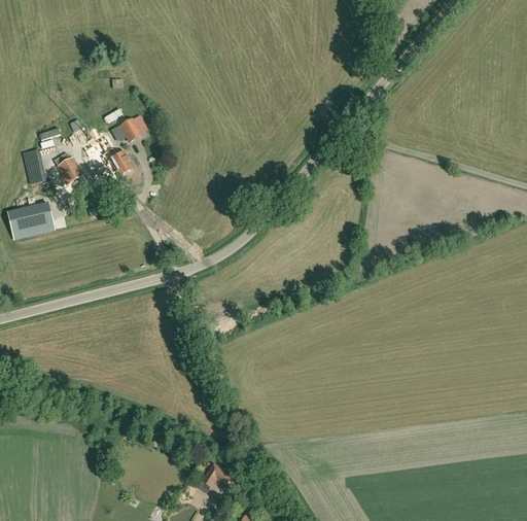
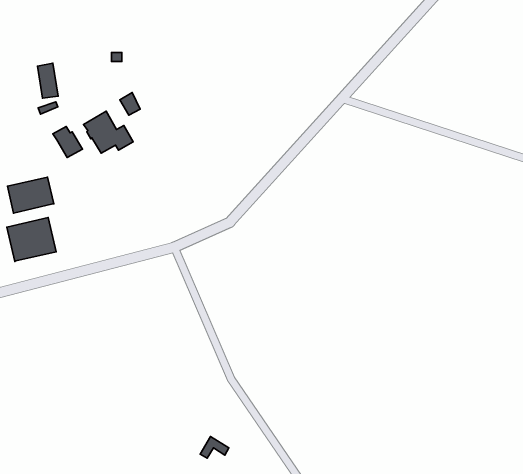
building: [25,148,45,183] -> [37,63,58,98]
building: none -> [7,218,56,261]

